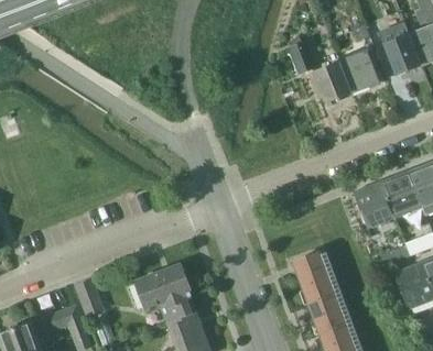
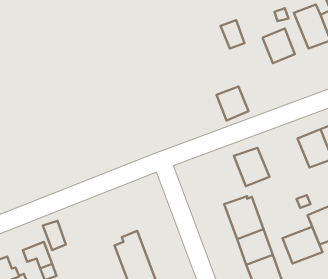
building: [313,62,351,102] -> [216,86,248,120]
building: [353,182,396,228] -> [234,148,270,186]
building: [134,265,191,311] -> none
building: none -> [282,227,323,263]

